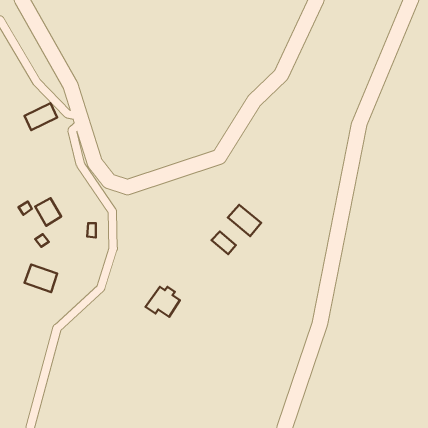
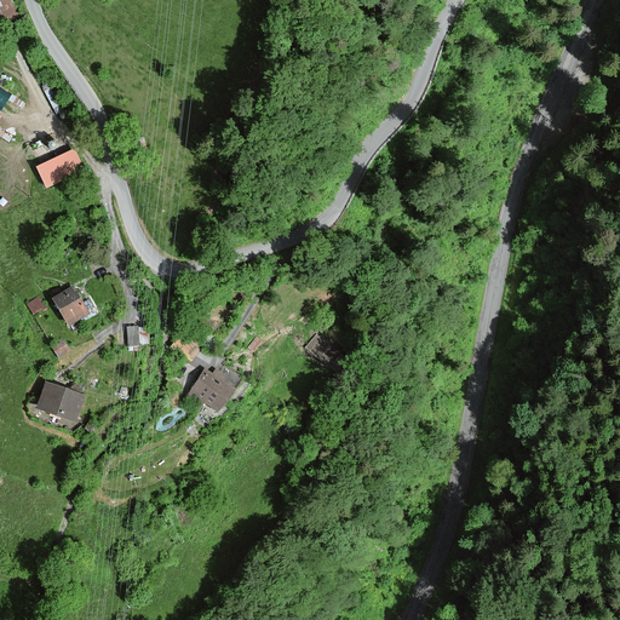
building: [228,205,261,236] -> none
building: [146,287,180,317] -> [185,368,235,412]

